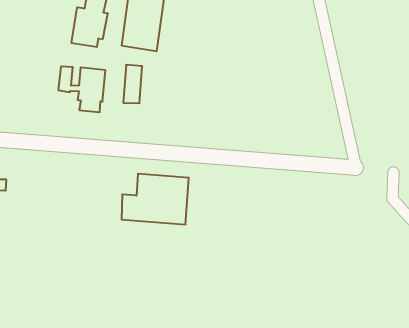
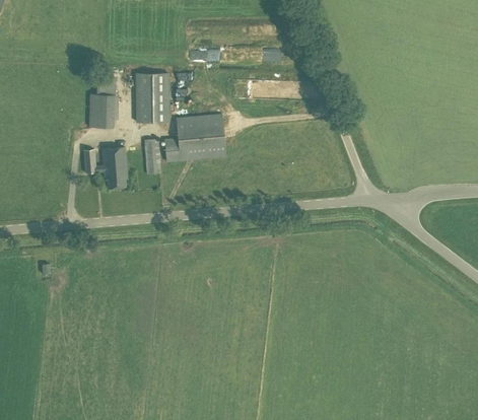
building: [122,174,189,224] -> [163,113,226,161]

